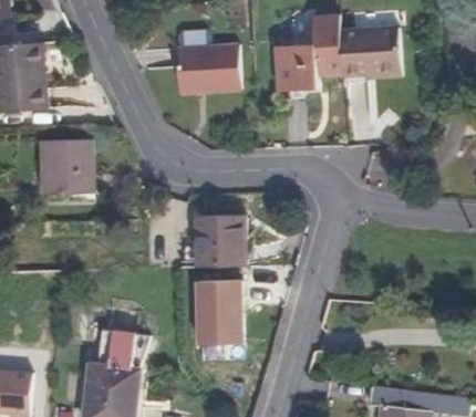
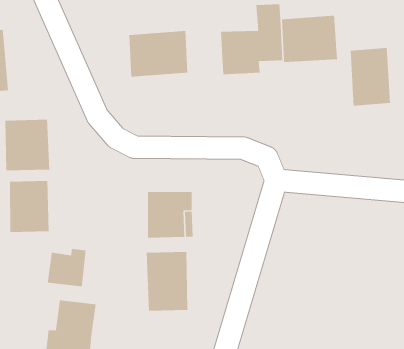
building: none -> [350,47,391,106]
building: none -> [9,180,49,233]
building: none -> [47,248,86,287]

